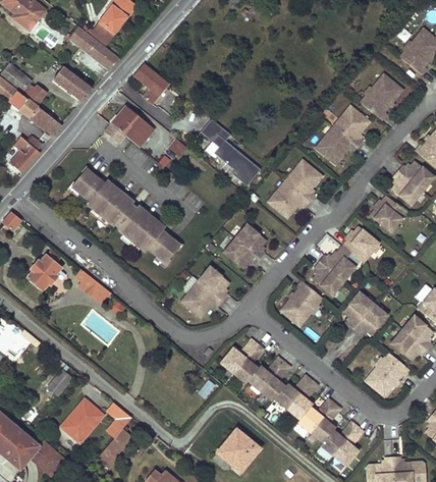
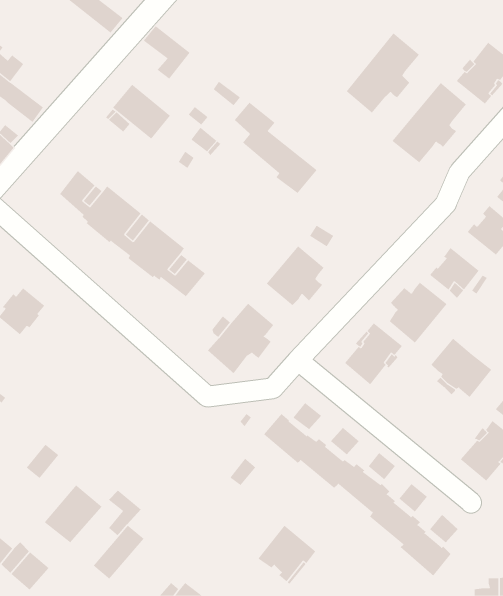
building: [53,66,92,100] -> none
building: [268,159,322,218] -> [346,33,420,113]
building: [75,269,111,304] -> none

